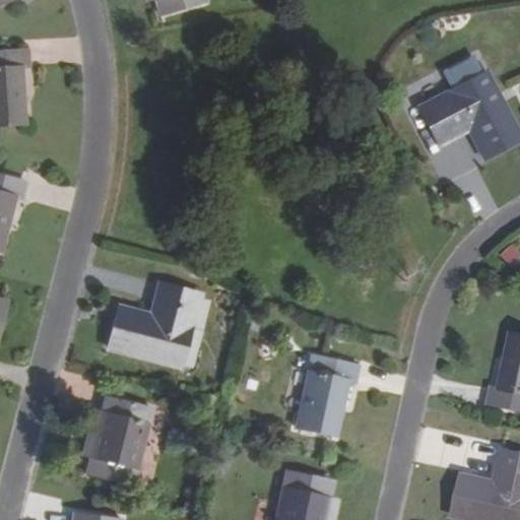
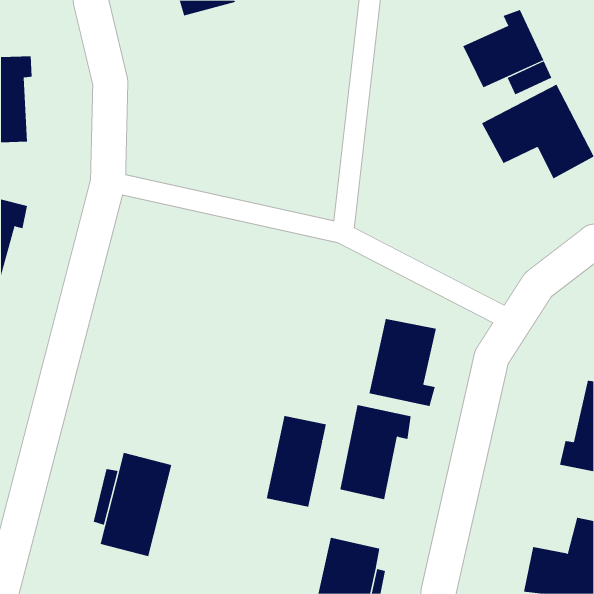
building: none -> [463,9,544,88]
building: none -> [369,318,436,407]
building: [111,284,198,366] -> none
building: none -> [266,415,326,508]

